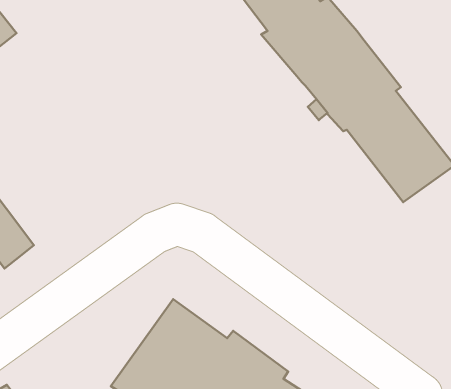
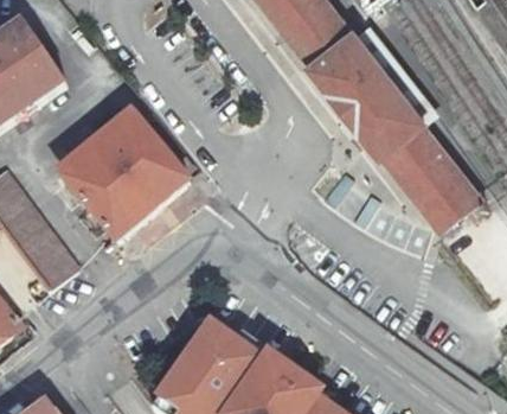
building: none -> [66,116,192,238]

